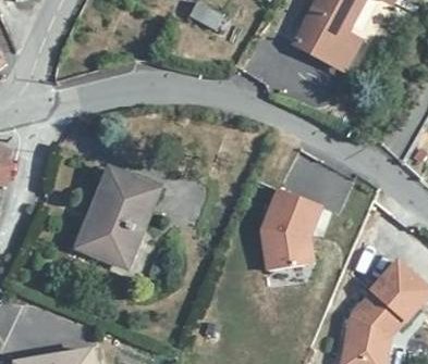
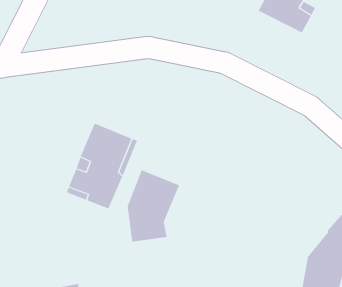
building: [262,188,322,269] -> [127,170,180,242]

